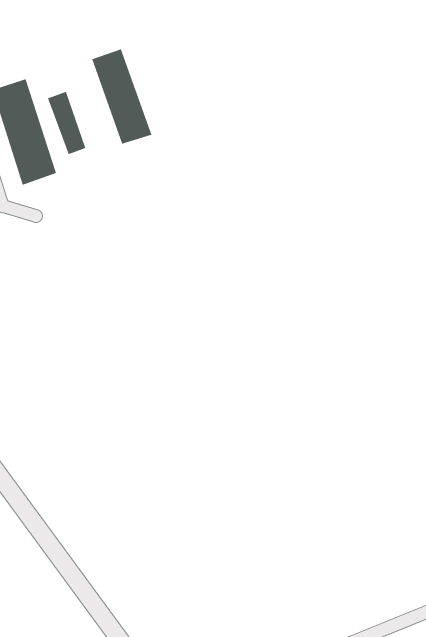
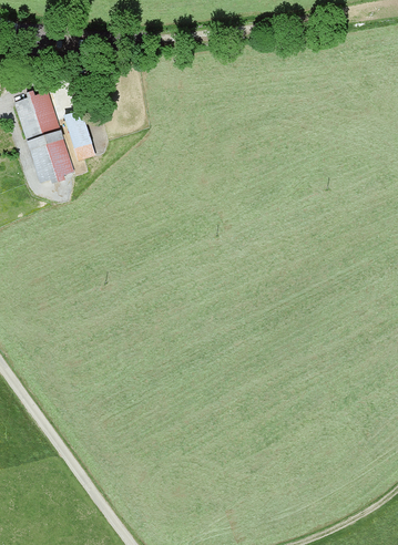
building: [92,48,152,145] -> none

